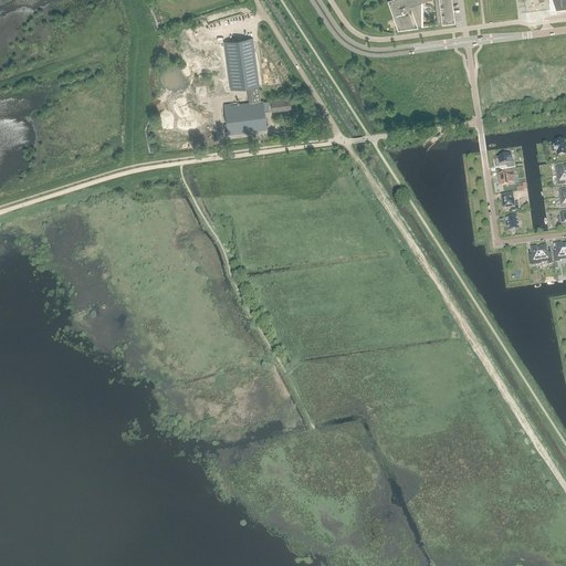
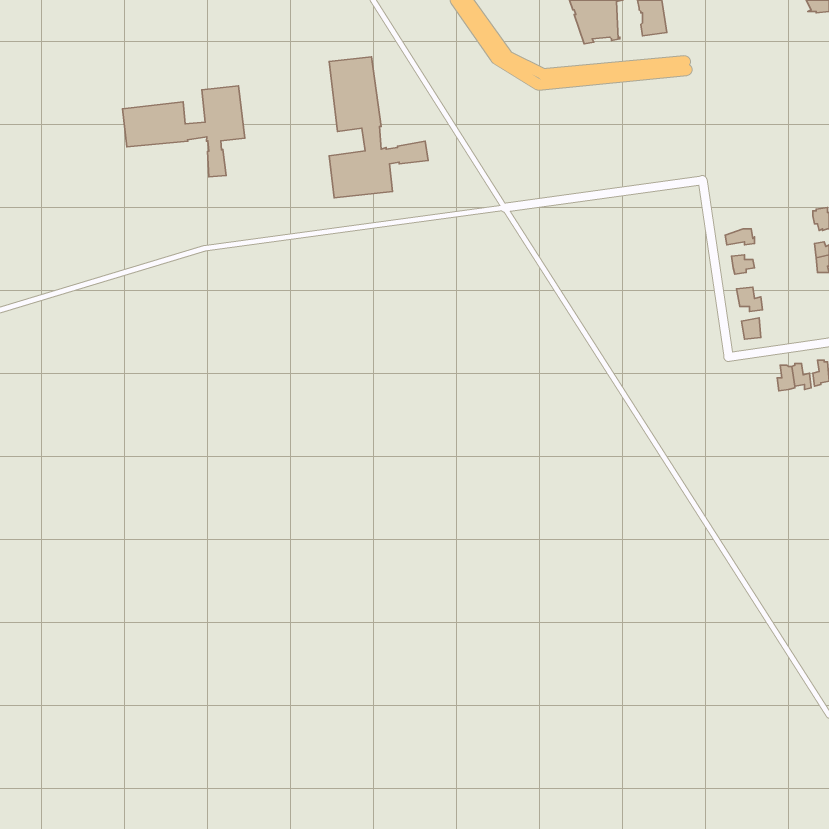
building: none -> [122,86,245,177]

